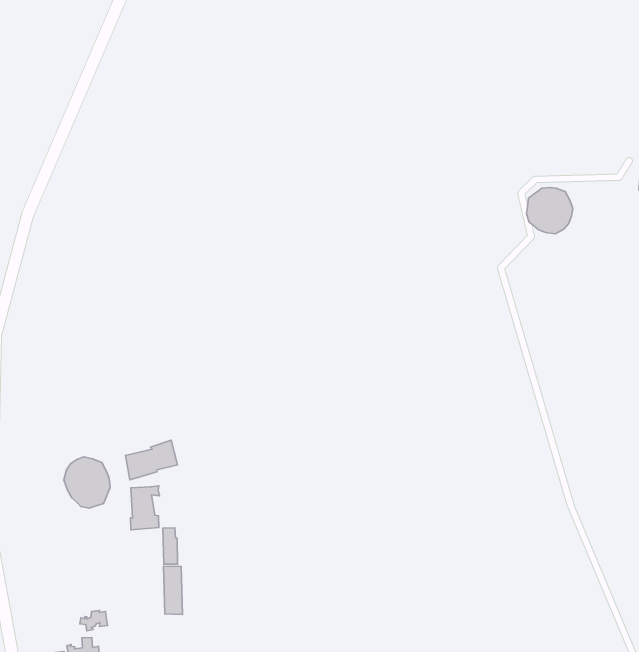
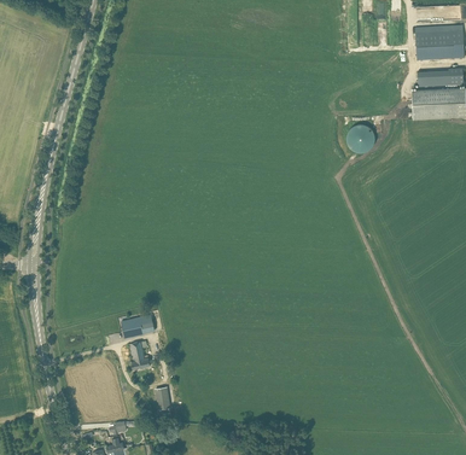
building: [64,457,110,508] -> none

